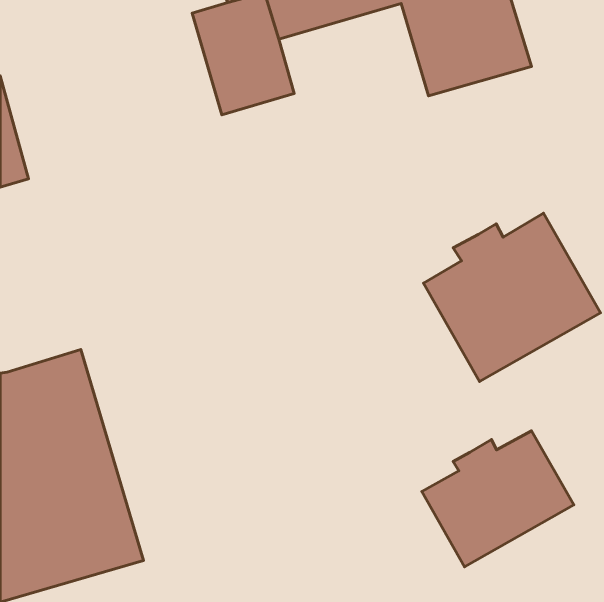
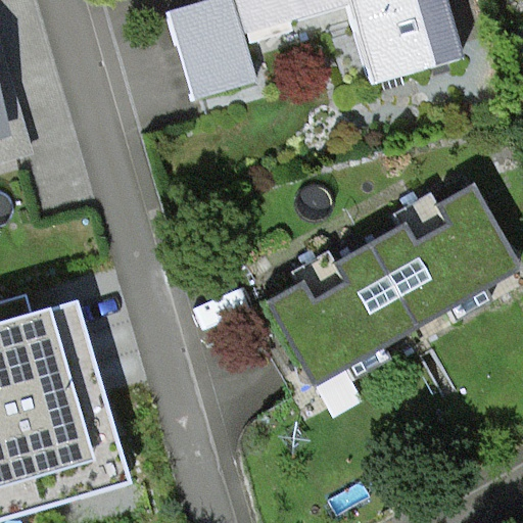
building: none -> [263,244,415,368]
building: [422,431,574,567] -> none

